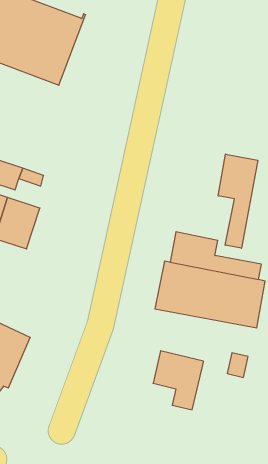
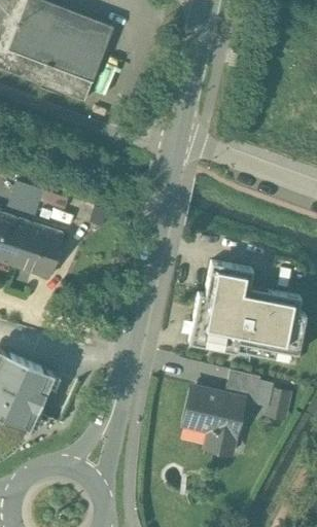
building: [218,154,258,248] -> none
building: none -> [225,371,261,405]

